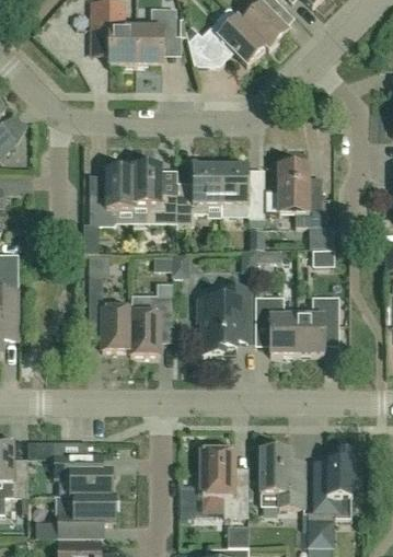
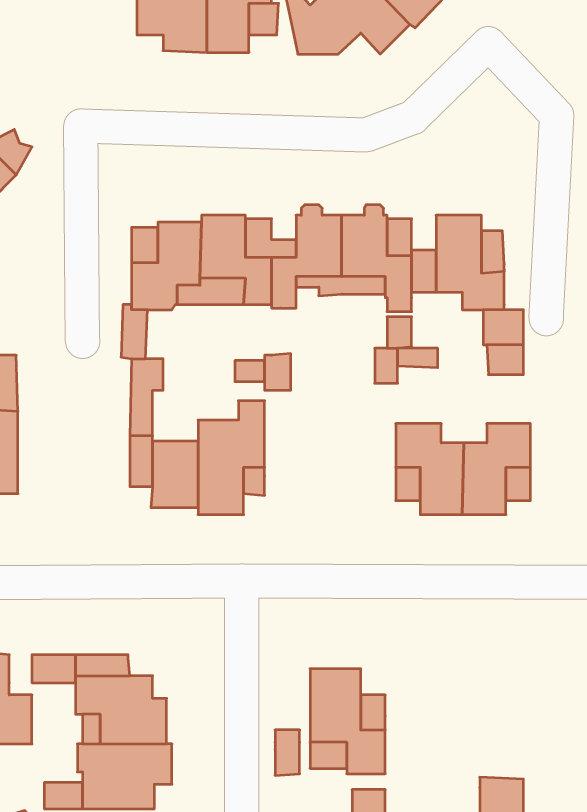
building: [199,288,250,353] -> none
building: [261,450,308,506] -> none
building: [312,450,359,511] -> none

